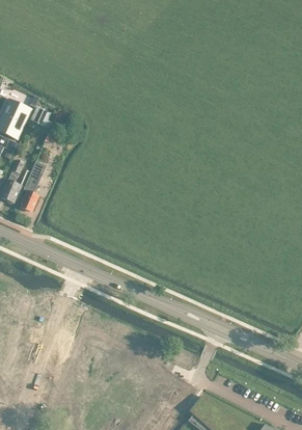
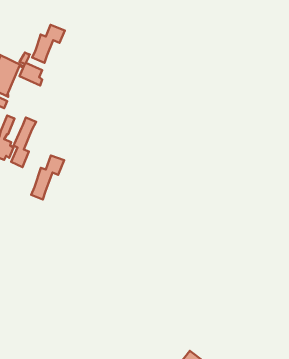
building: none -> [32,25,65,63]
building: none -> [31,155,64,200]

